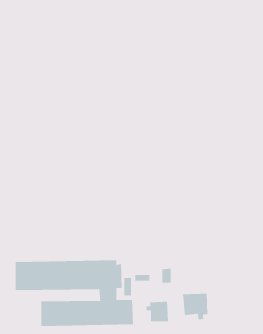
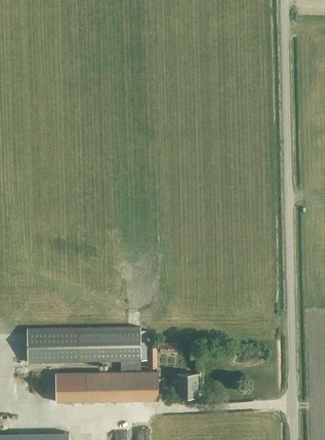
building: [182,293,208,320] -> none

